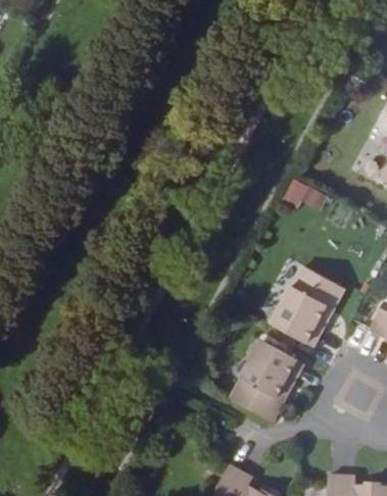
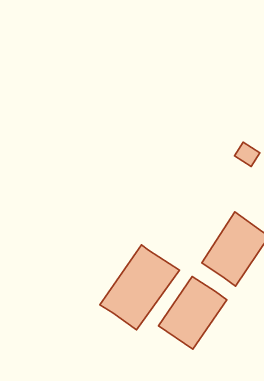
building: none -> [100,245,179,330]

